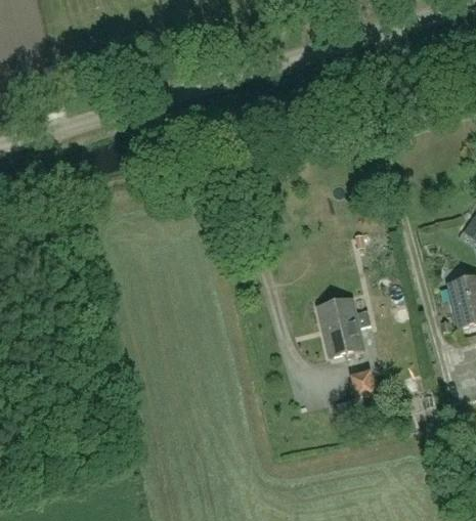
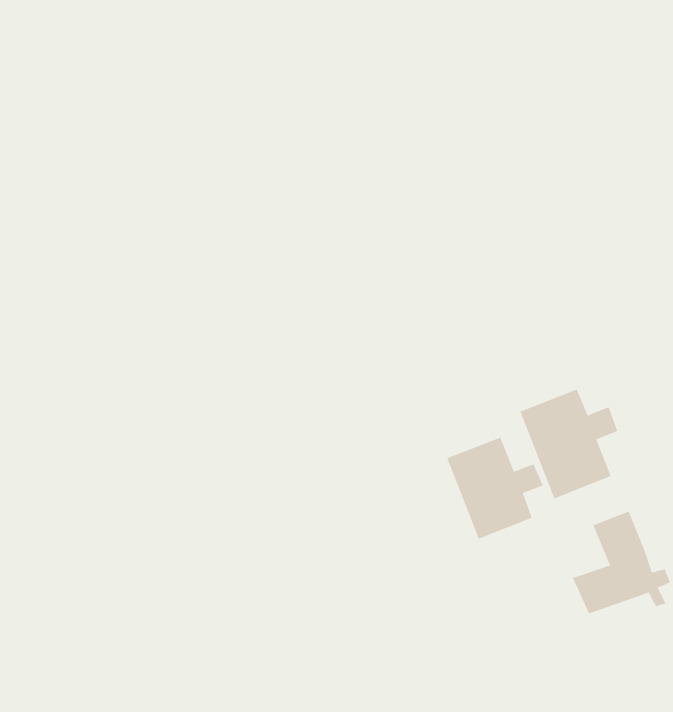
building: none -> [446,437,543,539]

